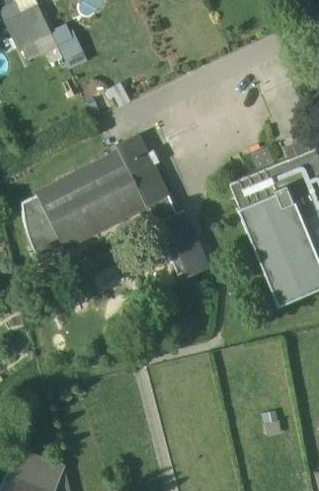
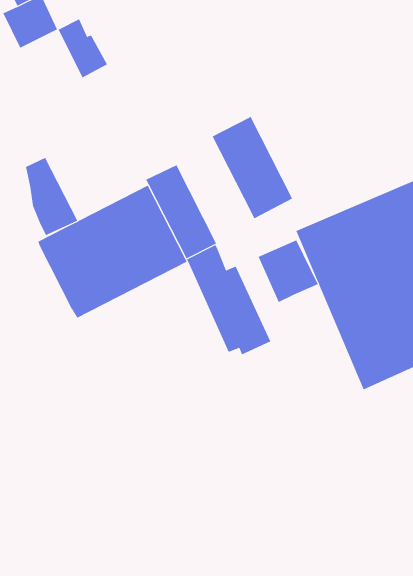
building: none -> [212,115,293,219]
building: none -> [258,239,318,303]
building: [21,196,61,255] -> [25,157,78,236]

